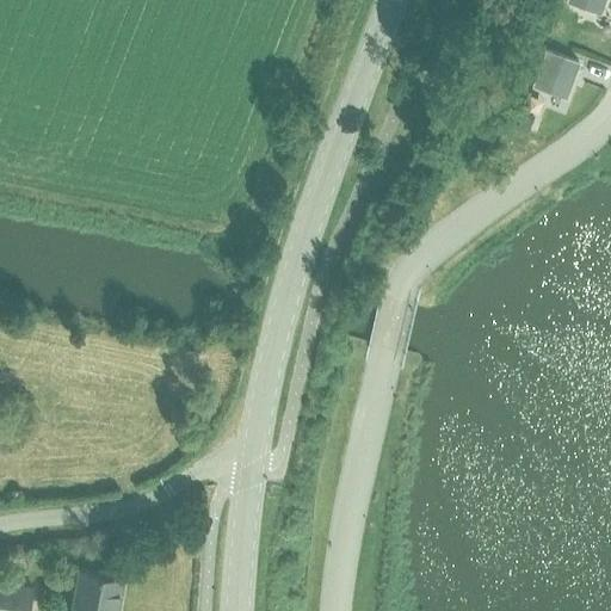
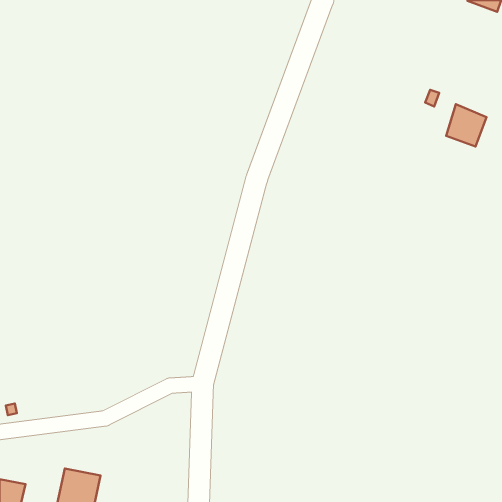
building: [533,50,582,101] -> [446,104,486,147]

